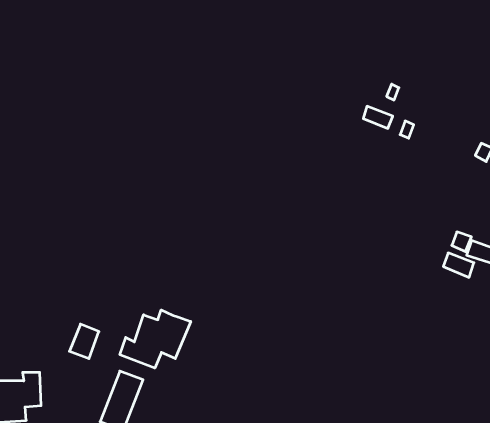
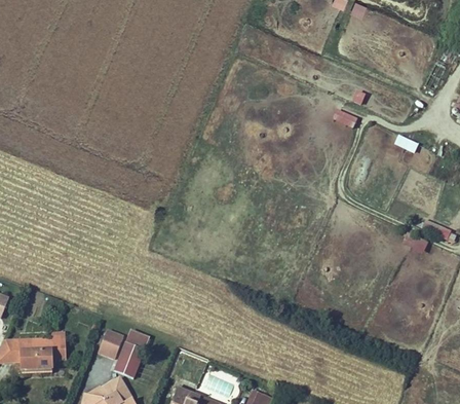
building: [120,310,191,368] -> none
building: [69,324,99,359] -> [99,329,123,358]

